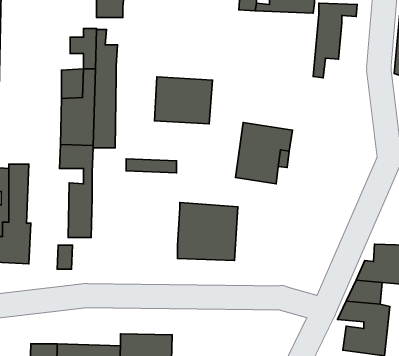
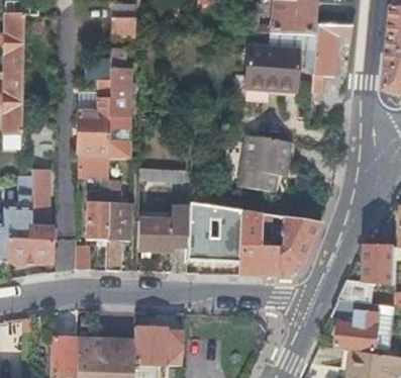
building: [154,77,213,124] -> [246,45,300,89]
building: none -> [106,179,130,270]
building: none -> [238,209,321,276]
building: none -> [136,211,184,251]

